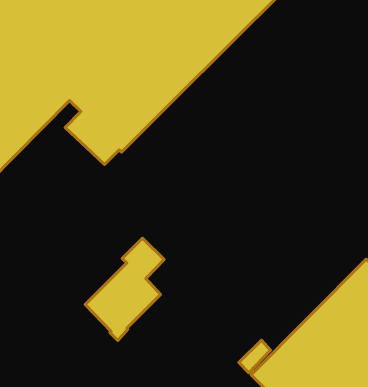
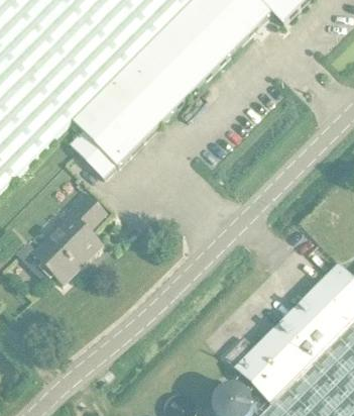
building: [85,238,164,340] -> [32,194,103,286]

